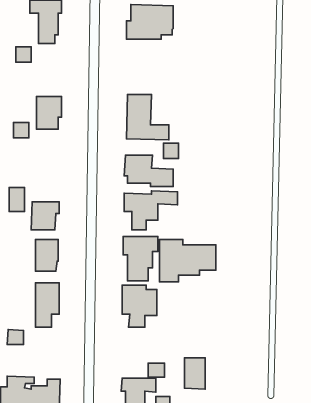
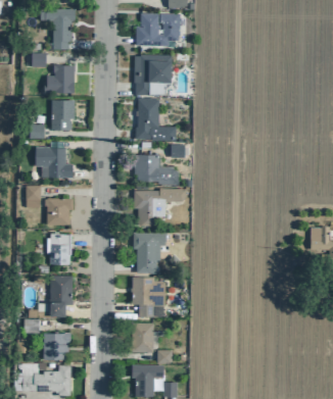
building: none -> [134,55,172,96]
building: none -> [44,66,74,94]
building: none -> [36,148,73,178]
building: [159,239,216,282] -> none
building: none -> [43,334,70,359]
building: [185,358,205,389] -> [134,323,153,353]

